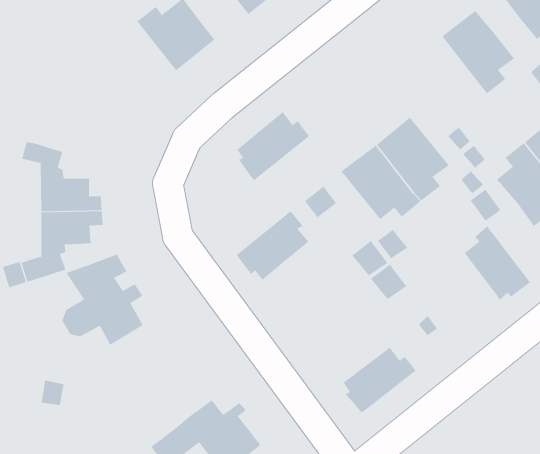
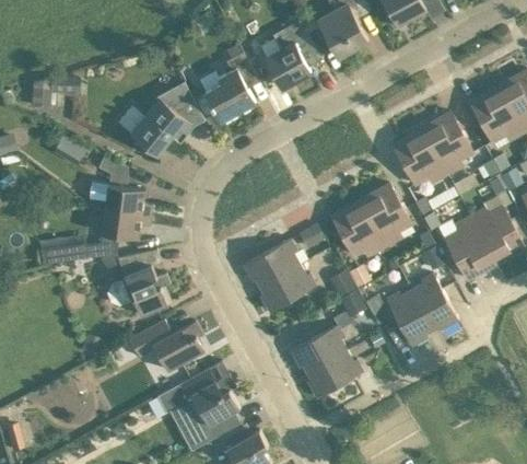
building: none -> [130,81,204,154]
building: none -> [391,128,447,185]
building: [236,111,310,181] -> [259,264,315,312]
building: none -> [385,291,432,346]
building: none -> [290,325,346,372]
building: none -> [128,320,203,371]

